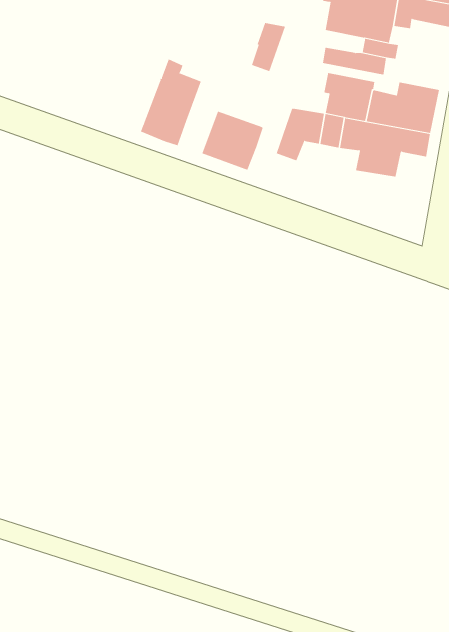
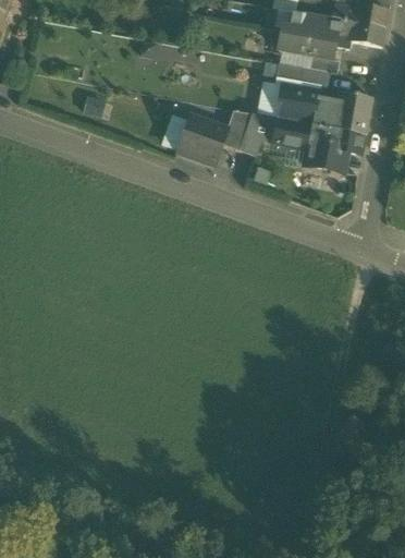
building: [251,23,286,72] -> [221,109,249,149]
building: [140,58,201,146] -> none

